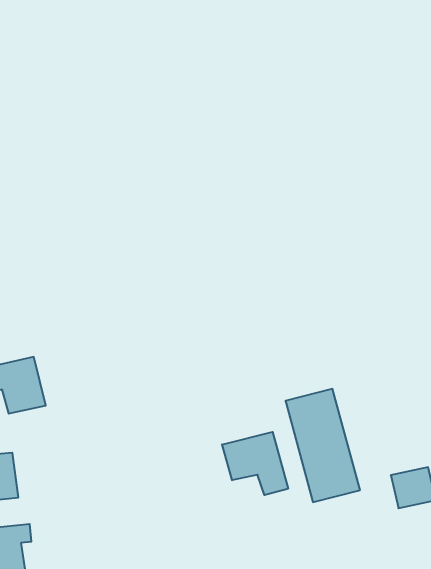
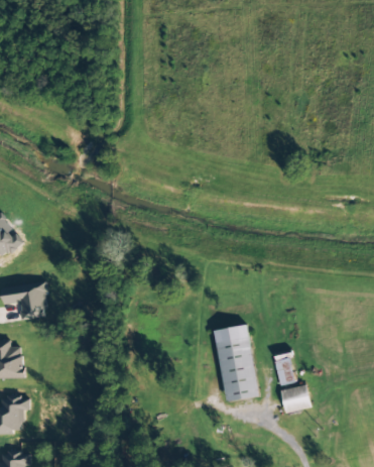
building: none -> [273,357,295,386]
building: [222,432,288,495] -> none

